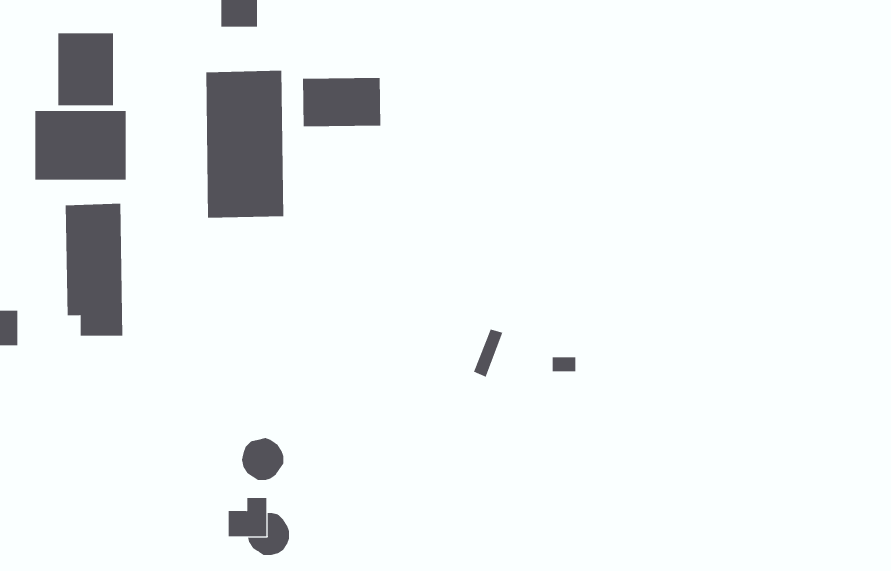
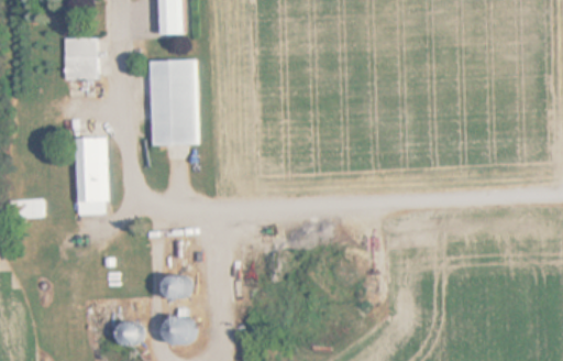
building: [302,77,381,127] -> none
building: [35,110,126,180] -> none
building: none -> [118,321,143,346]

